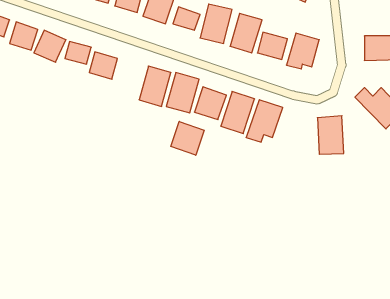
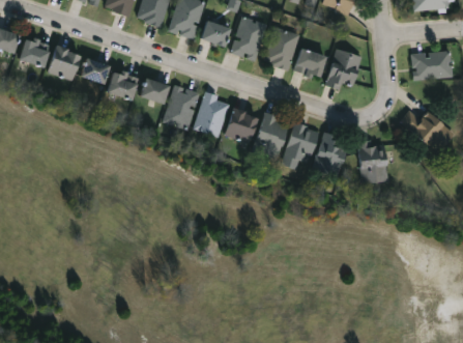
building: none -> [140,78,170,104]
building: none -> [315,132,348,176]
building: [171,121,204,155] -> none

